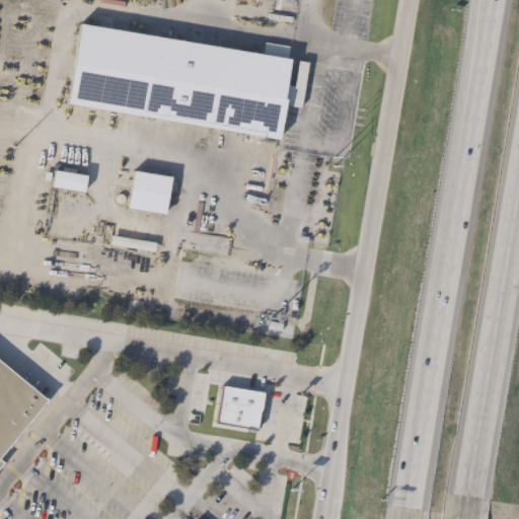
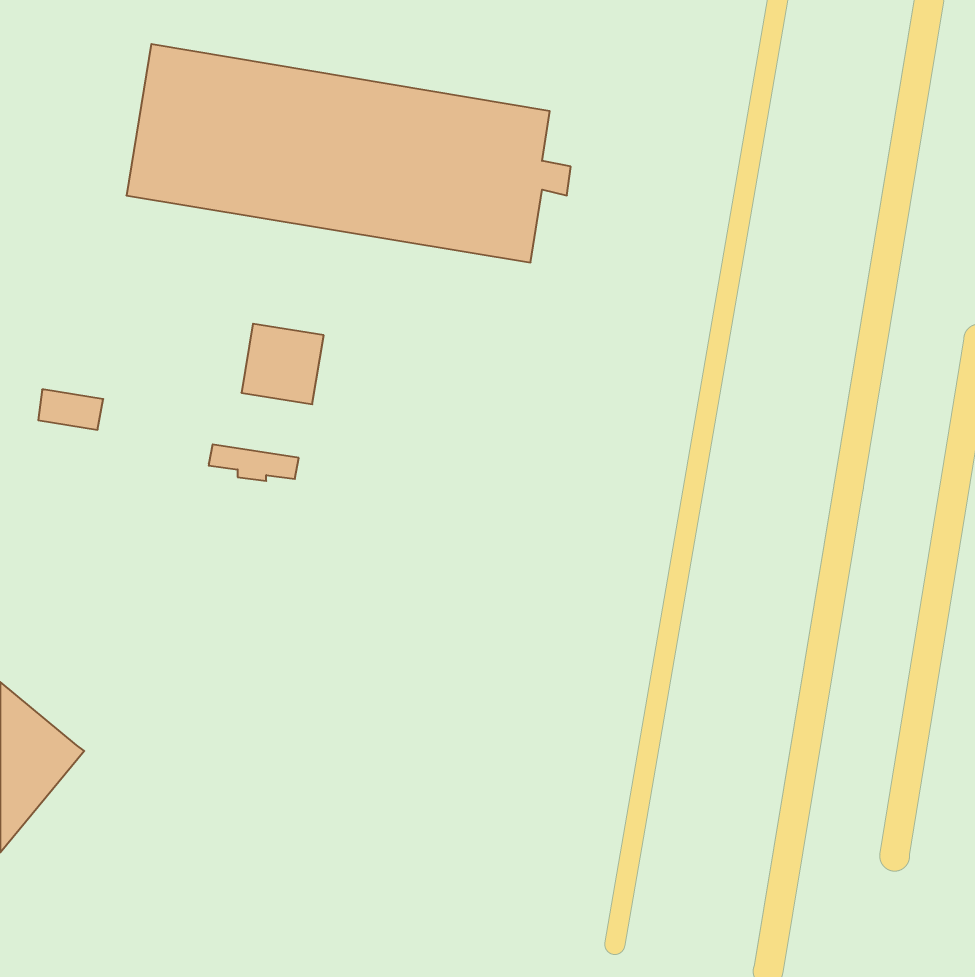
building: [54,170,88,192] -> [38,390,103,430]
building: [216,383,268,430] -> none

